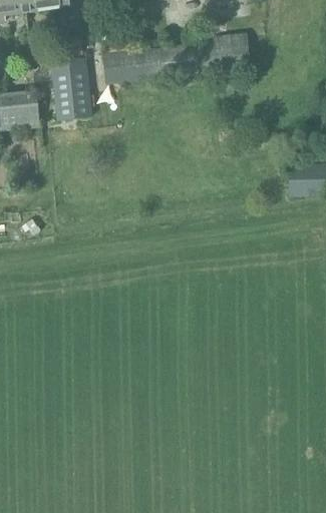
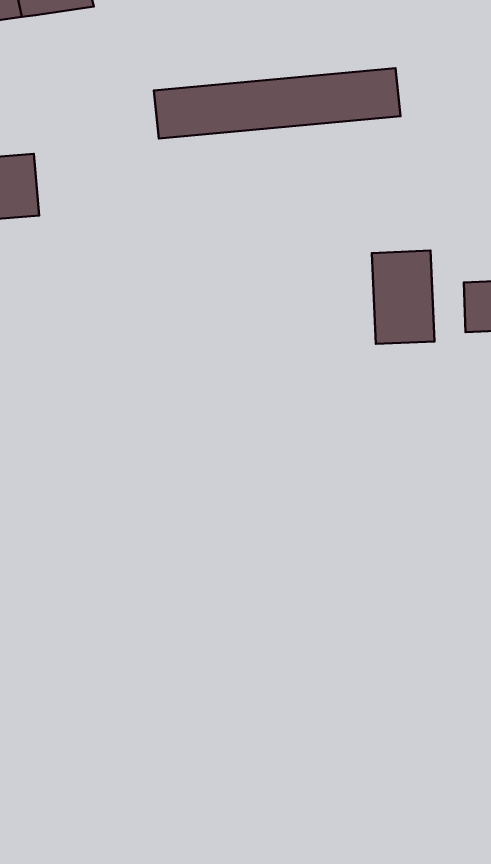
building: [52,36,91,115] -> none
building: none -> [372,251,435,344]

